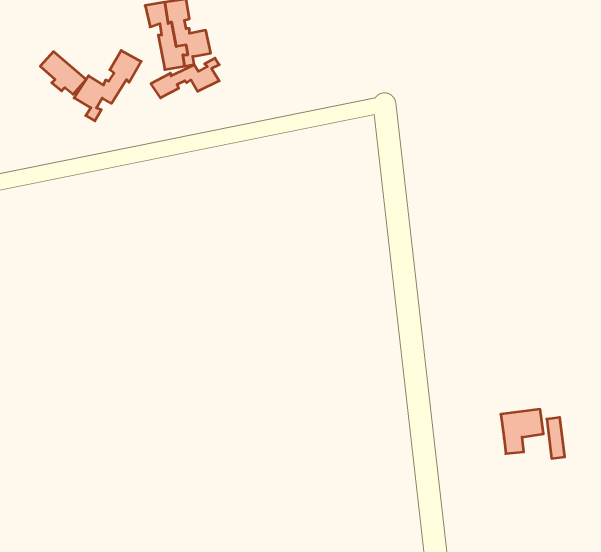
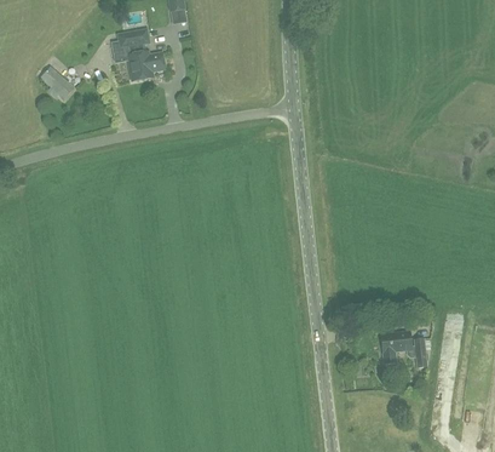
building: [74,50,141,121] -> none
building: [151,58,219,98] -> none

